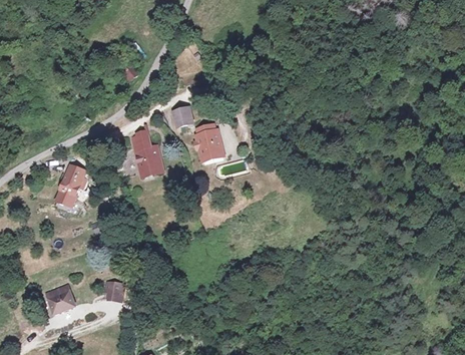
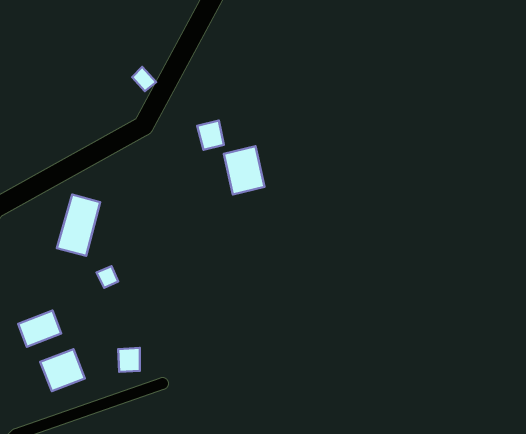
building: [125,129,161,181] -> none
building: none -> [18,310,61,347]

